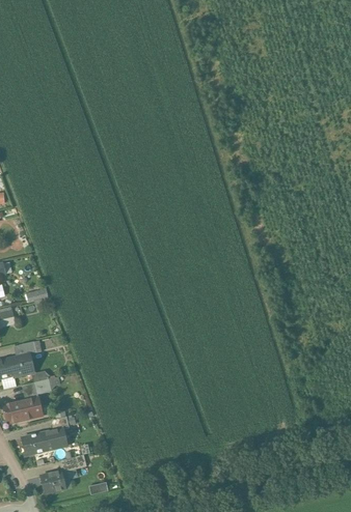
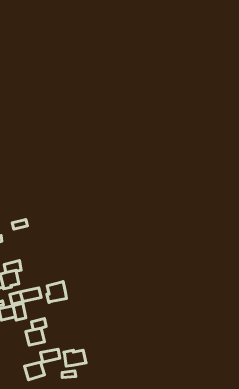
building: none -> [47,281,66,302]
building: [21,432,47,455] -> none
building: none -> [64,350,86,366]

